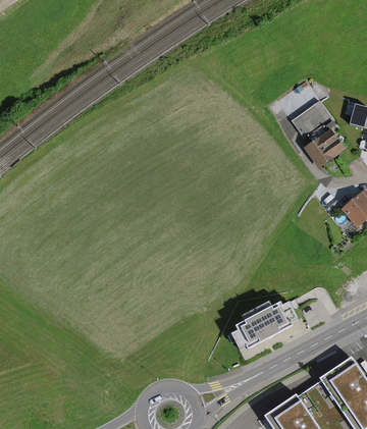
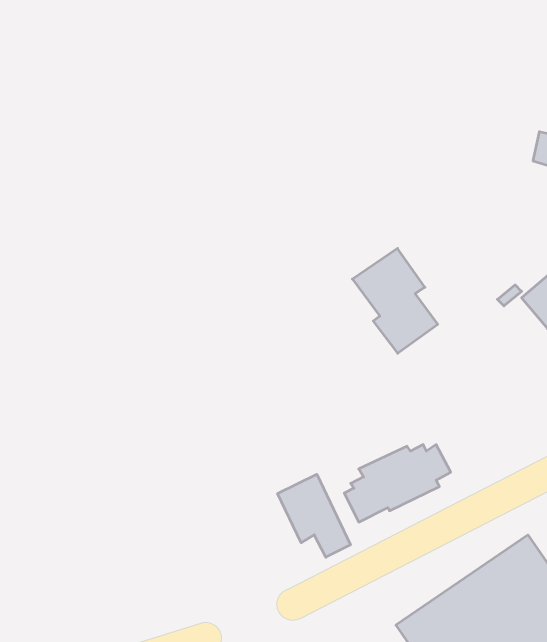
building: [292,102,346,168] -> [352,248,438,353]
building: none -> [278,474,350,557]

